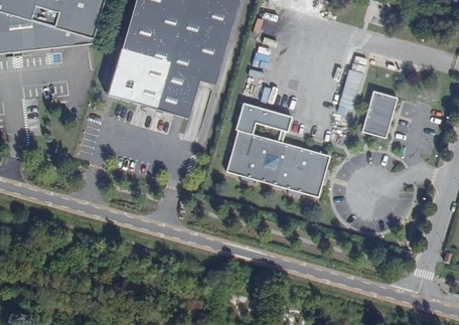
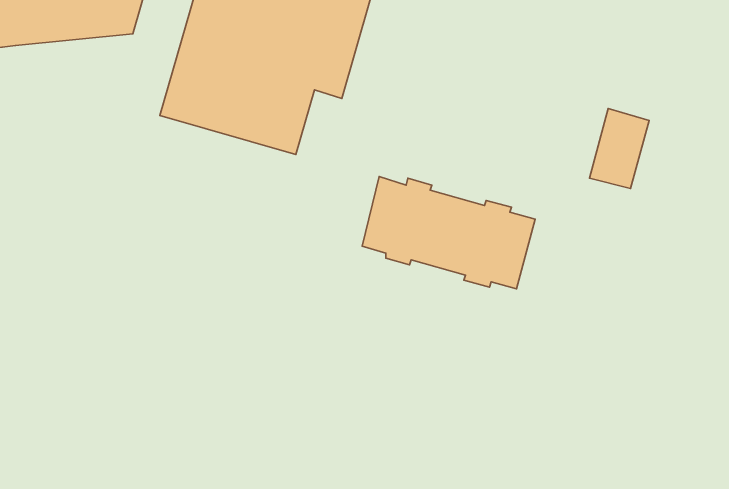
building: [342,66,365,101] -> none
building: [238,101,293,134] -> none

